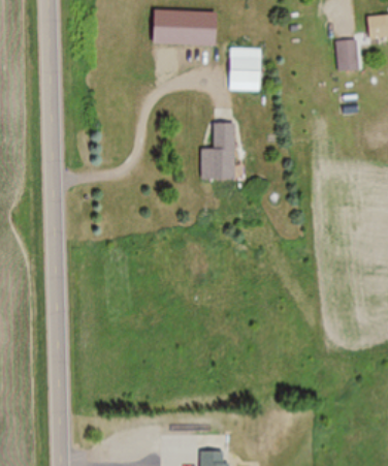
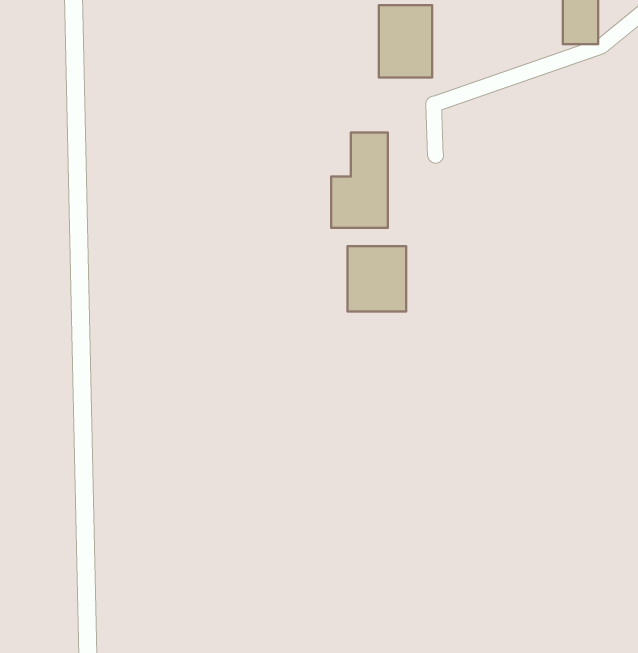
building: none -> [348,246,406,311]

